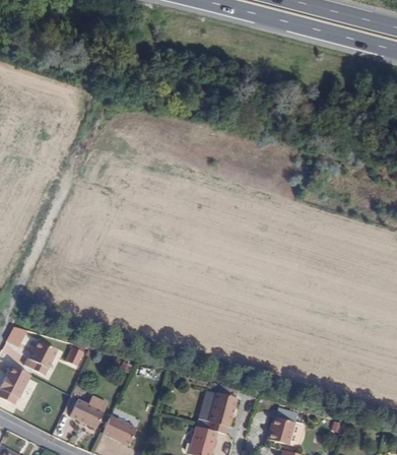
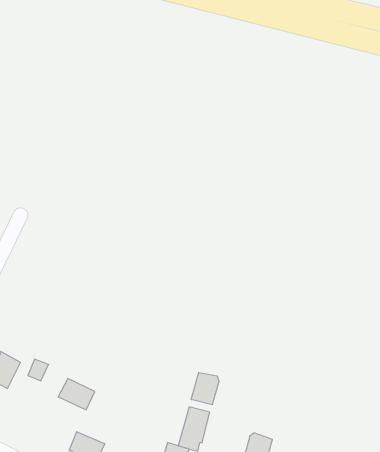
building: none -> [191,372,219,405]
building: [69,398,104,428] -> [58,379,95,410]

